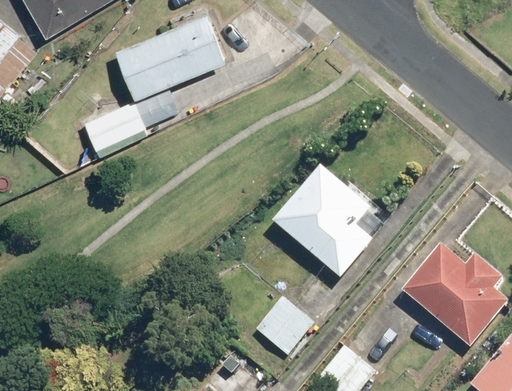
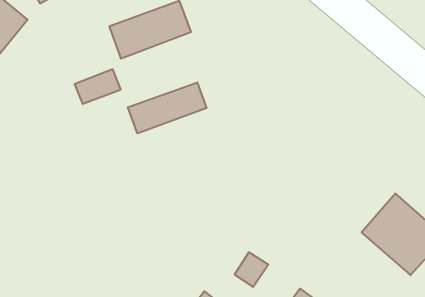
building: none -> [128,82,207,133]
building: [284,181,373,270] -> none

